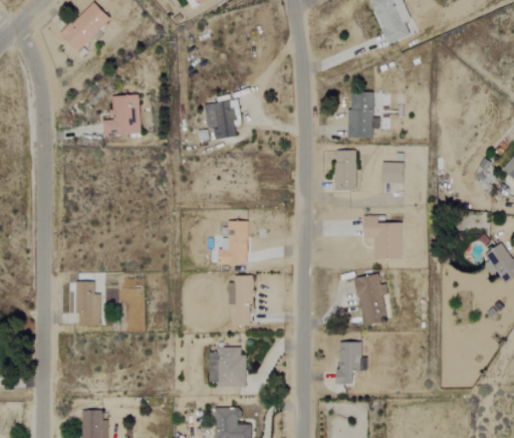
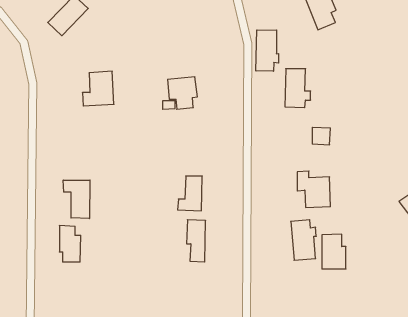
building: none -> [256,30,279,71]
building: [335,150,357,190] -> none
building: none -> [63,180,90,219]
building: [338,342,367,384] -> [322,234,346,269]
building: [209,348,247,387] -> none

